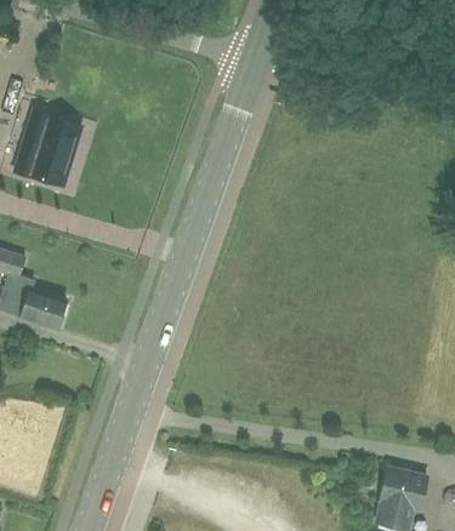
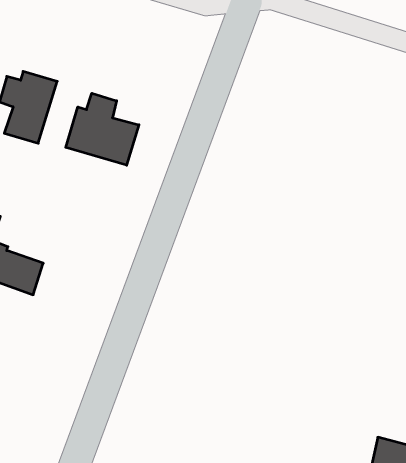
building: none -> [66,93,139,165]

